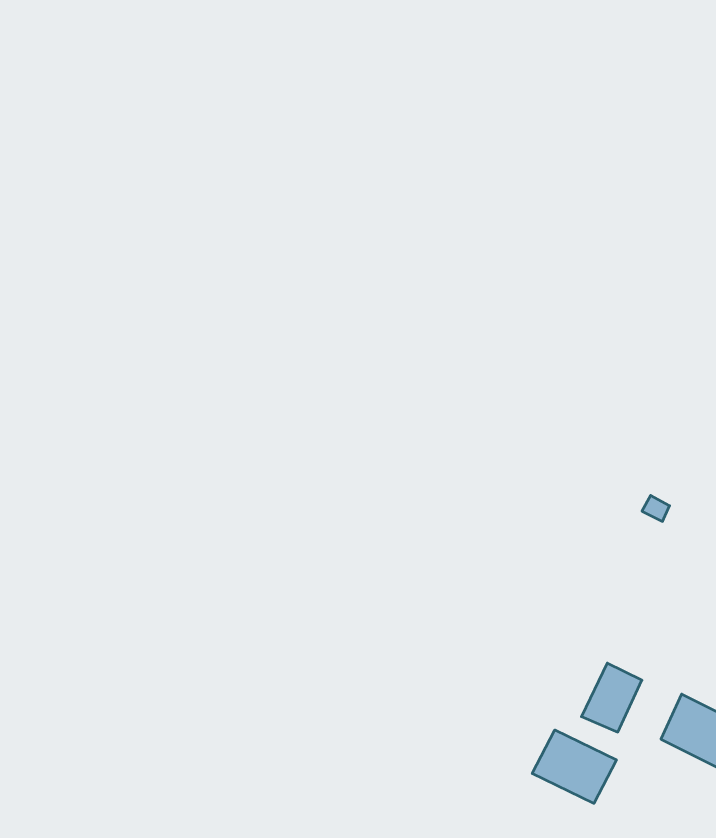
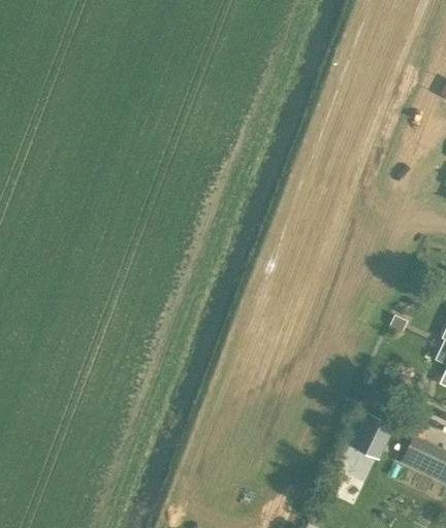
building: [532,730,616,803] -> none

